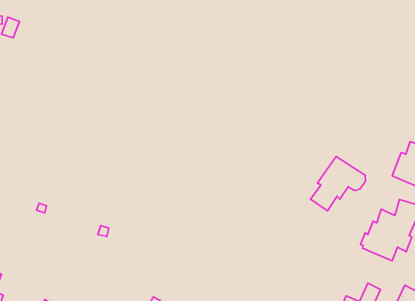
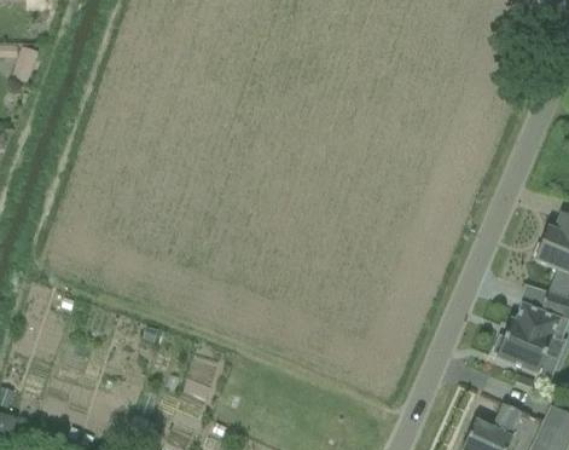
building: [311,157,366,211] -> none

